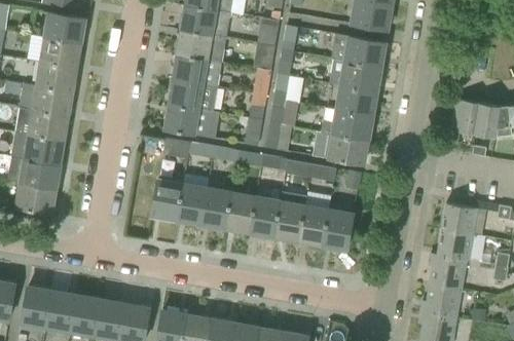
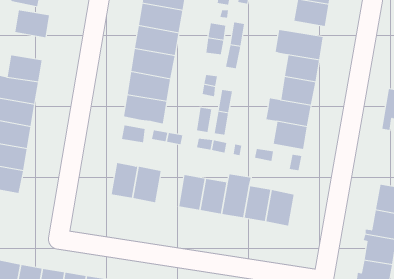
building: [41,37,80,68] -> none
building: [272,75,303,104] -> none
building: [200,189,231,228] -> none

